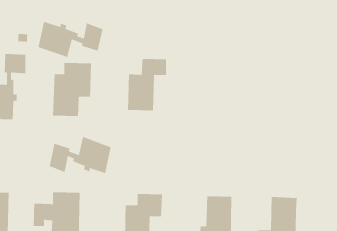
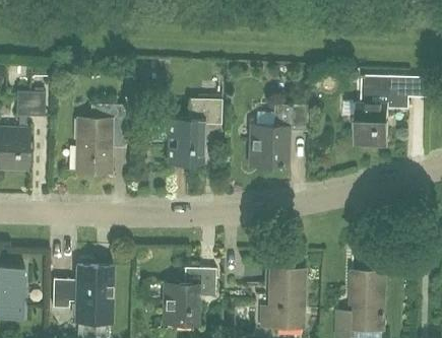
building: [38,21,103,58] -> none
building: none -> [355,75,409,144]
building: none -> [253,104,307,166]
building: [49,136,111,174] -> none

